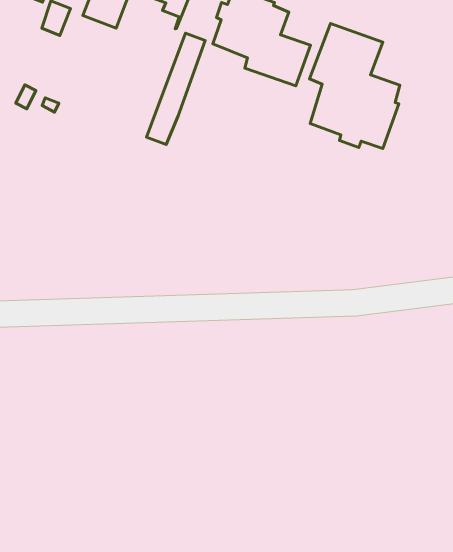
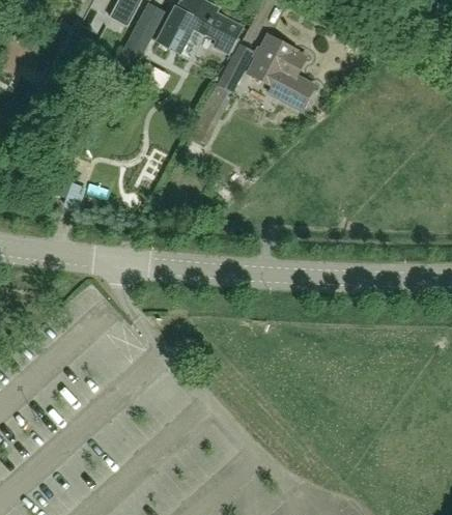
building: [309,23,400,149] -> none

